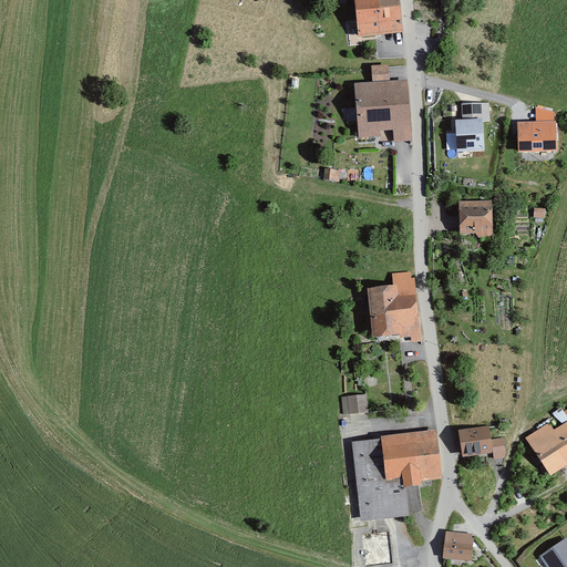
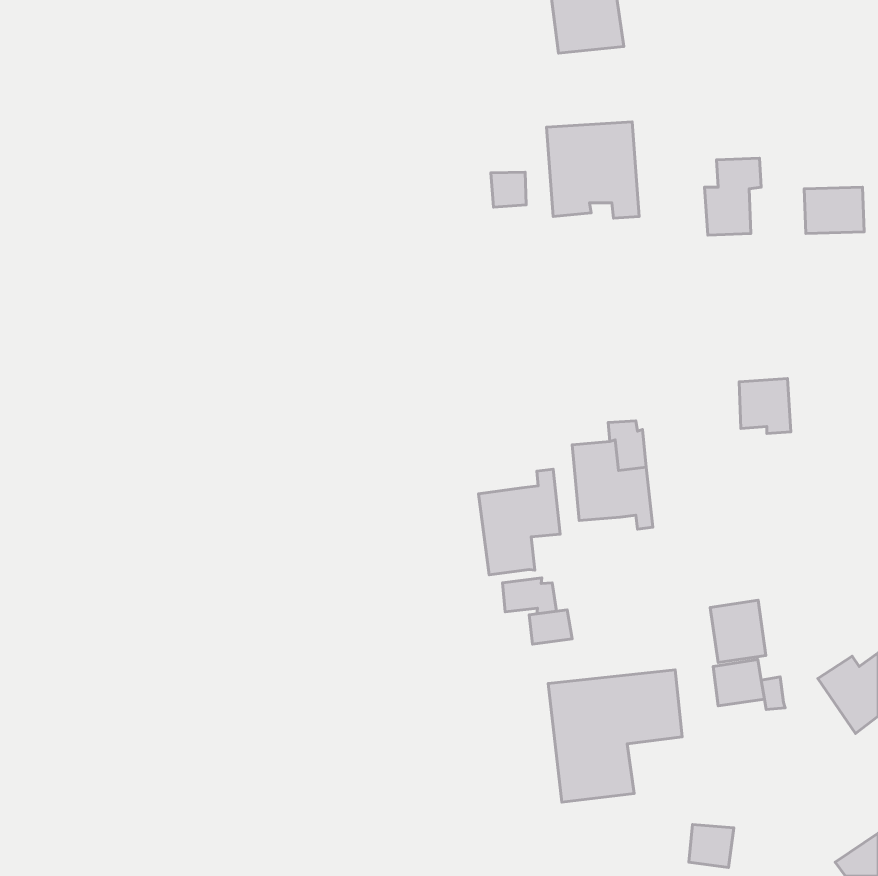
building: none -> [491,172,526,207]
building: [460,199,493,235] -> [739,379,791,433]
building: none -> [479,469,560,575]
building: none -> [502,578,557,614]
building: none -> [710,600,766,663]

